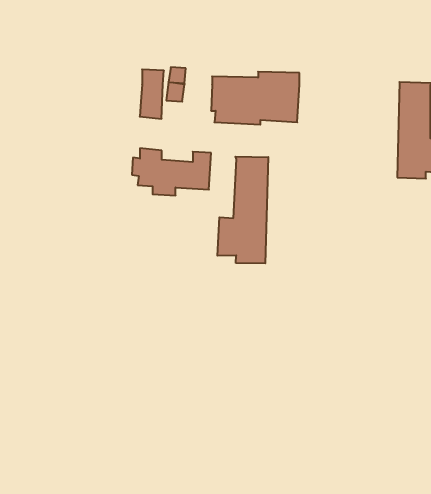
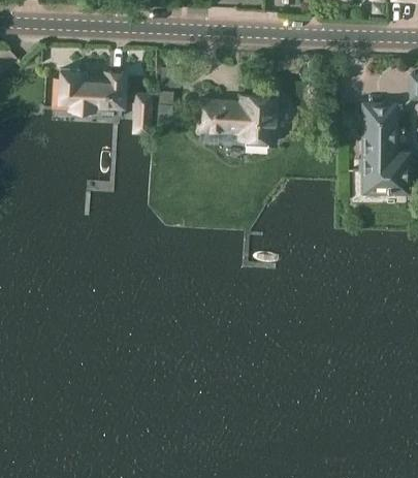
building: [132,148,211,195] -> [53,67,124,109]
building: [217,157,268,263] -> none

